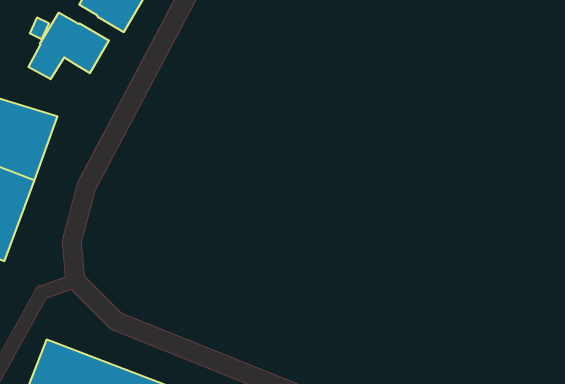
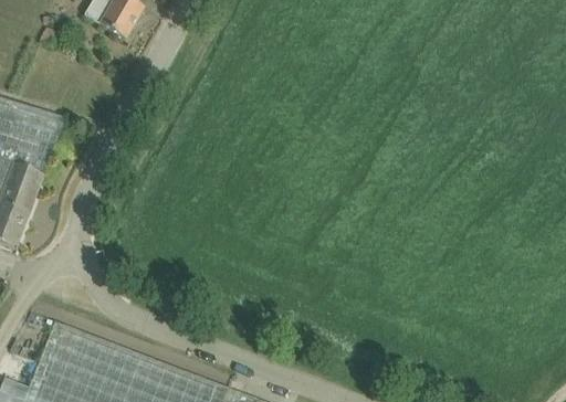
building: [29,13,109,79] -> none

